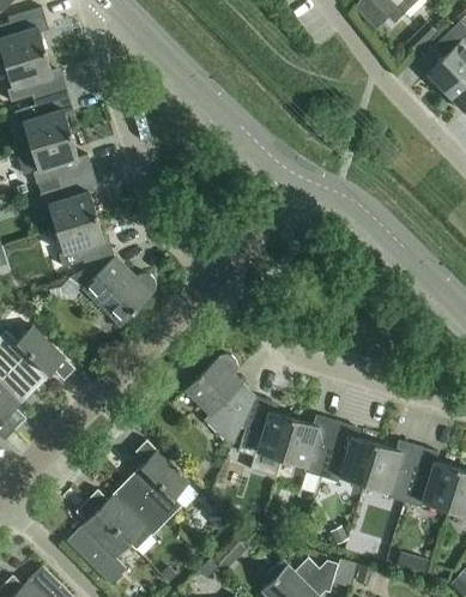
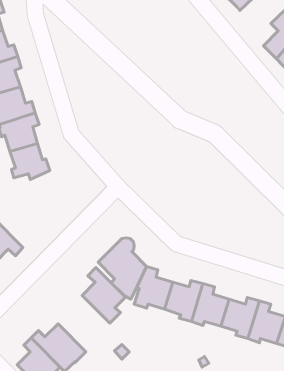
building: [80,257,156,327] -> none
building: [126,440,189,521] -> [82,267,125,323]

